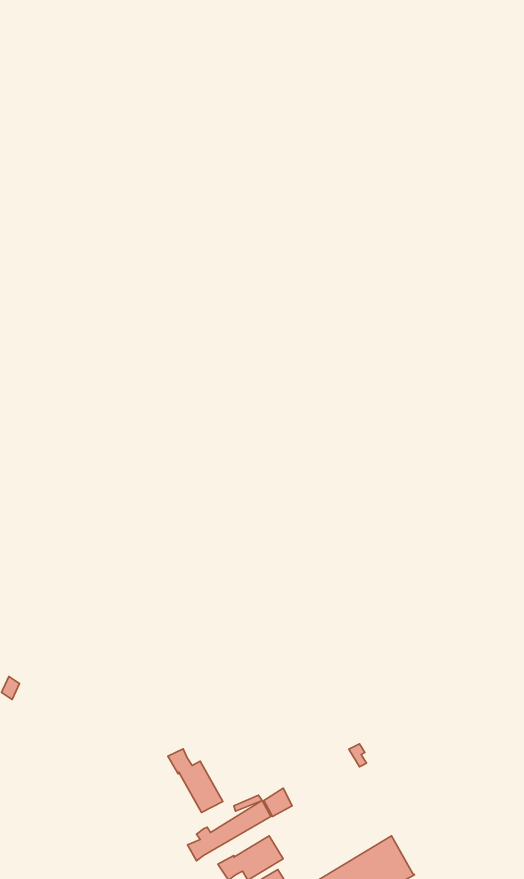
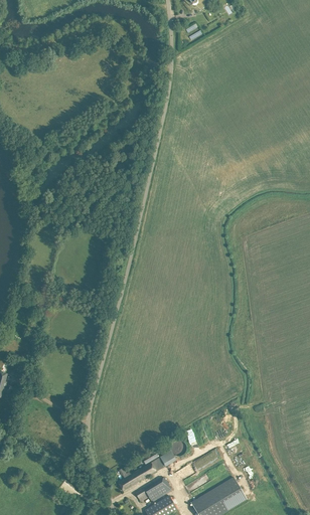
building: [168,749,223,813] -> none

